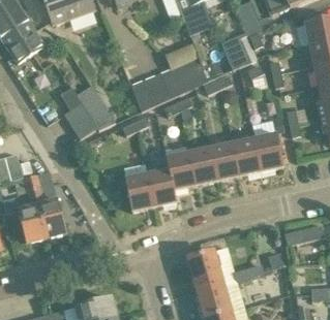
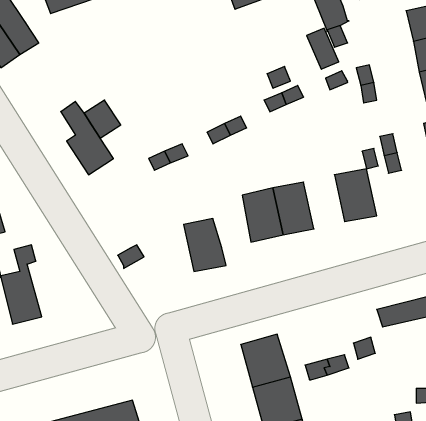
building: [130,55,208,110] -> none
building: [232,137,261,175] -> none
building: [166,152,194,189] -> none
building: [24,170,66,237] -> none
building: [124,172,154,211] -> none

